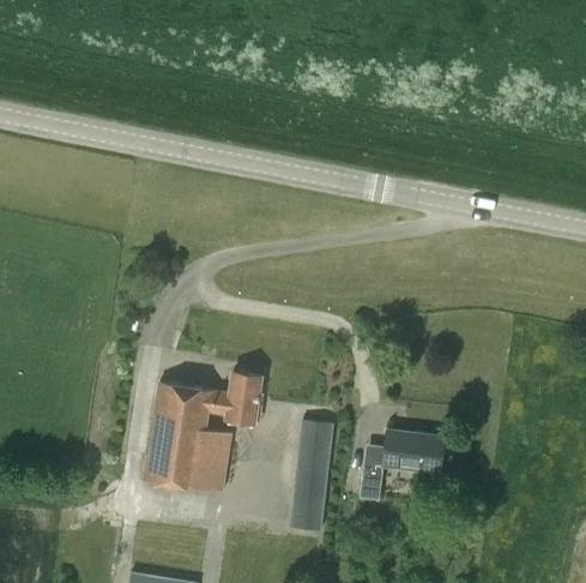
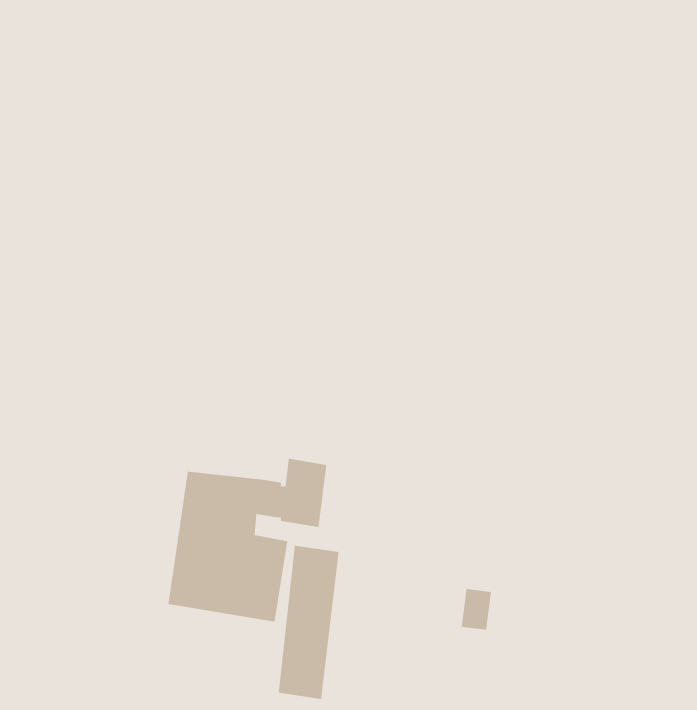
building: [289,419,334,533] -> [278,545,340,700]
building: [383,429,445,473] -> none

